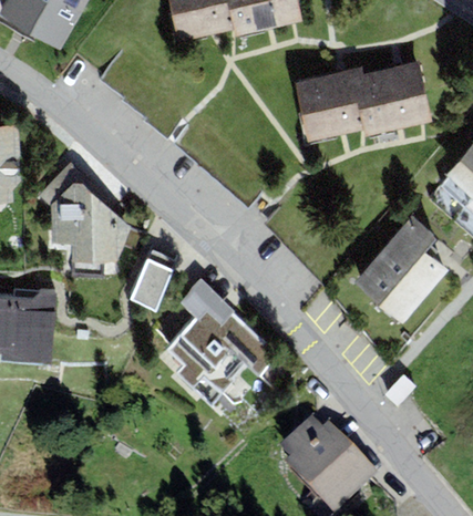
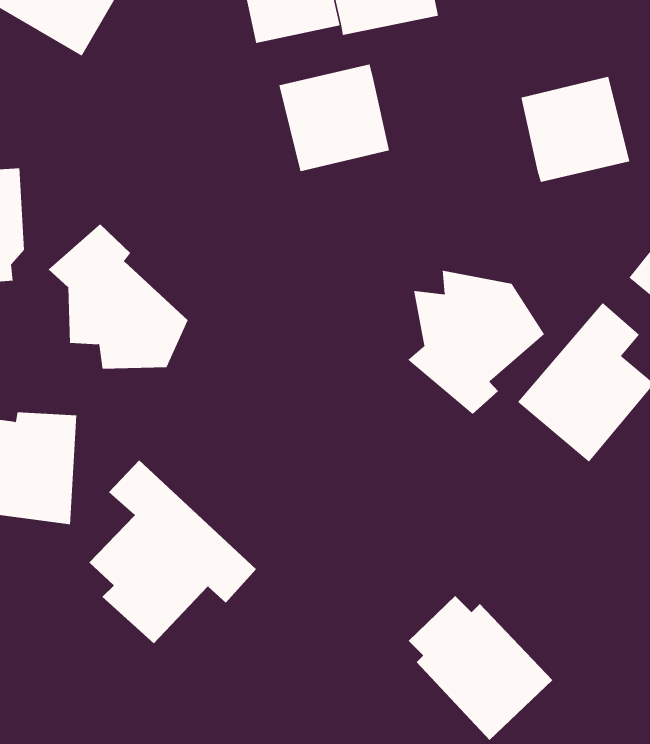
building: [291,69,367,142] -> [279,64,390,172]
building: none -> [407,270,545,415]
building: [130,259,173,311] -> none
building: [165,280,279,405] -> [89,459,257,644]

